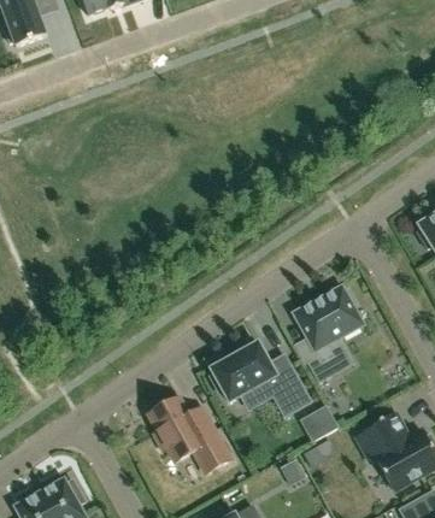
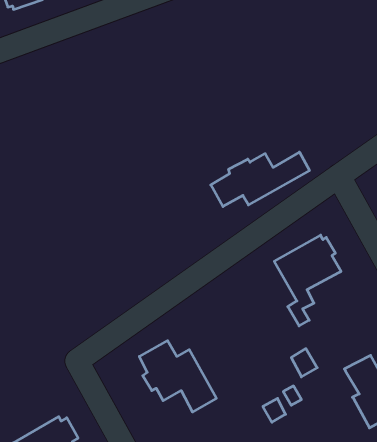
building: none -> [211,152,309,207]
building: [210,342,311,414] -> none

